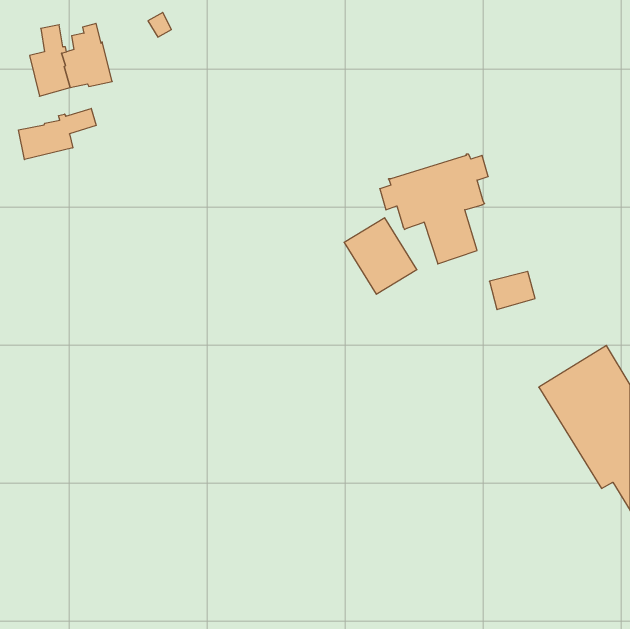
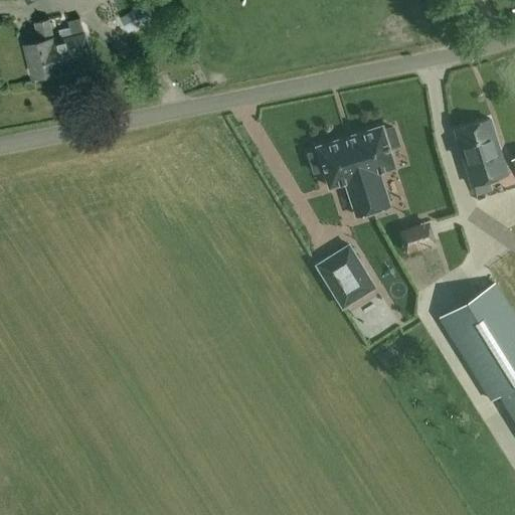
building: [19,108,96,160] -> none
building: none -> [455,119,507,185]
building: [344,218,417,294] -> [316,245,375,308]

